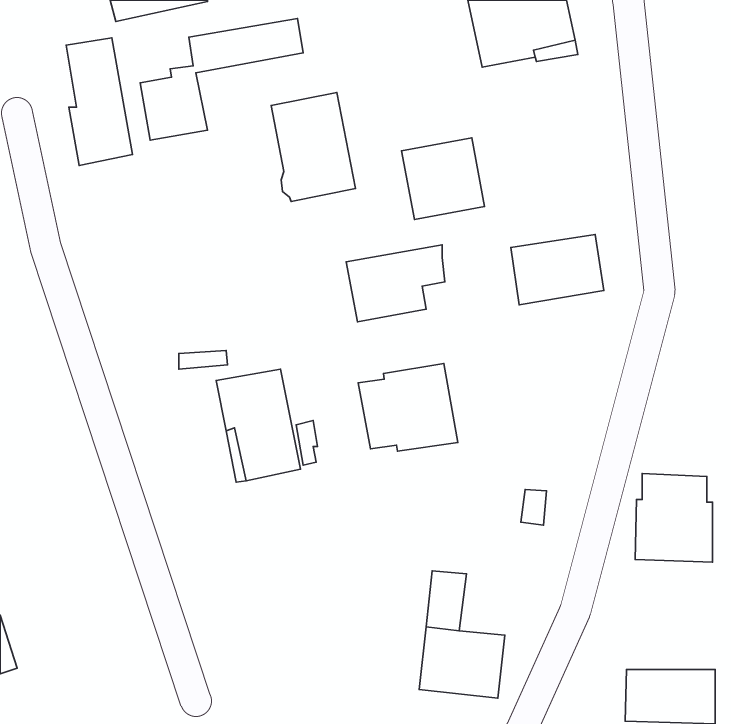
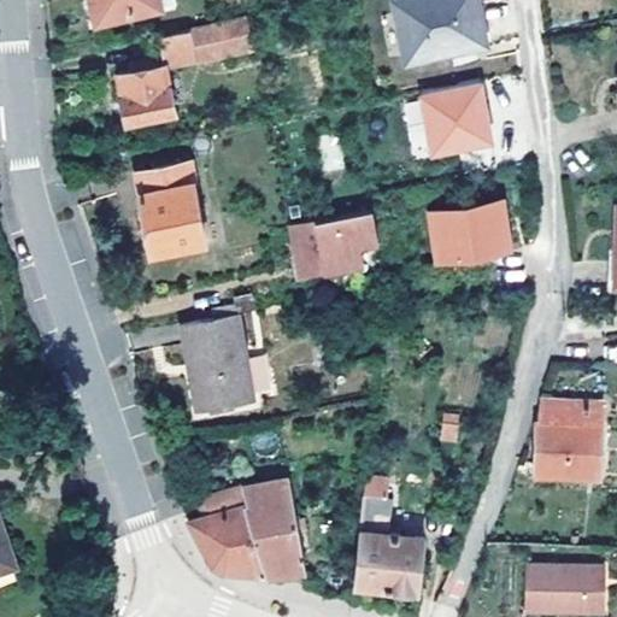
building: [66,38,132,165] -> none
building: [271,93,355,201] -> [135,164,206,255]
building: [402,138,485,219] -> [425,83,495,152]
building: [358,363,458,451] -> none
building: none -> [187,482,306,581]

